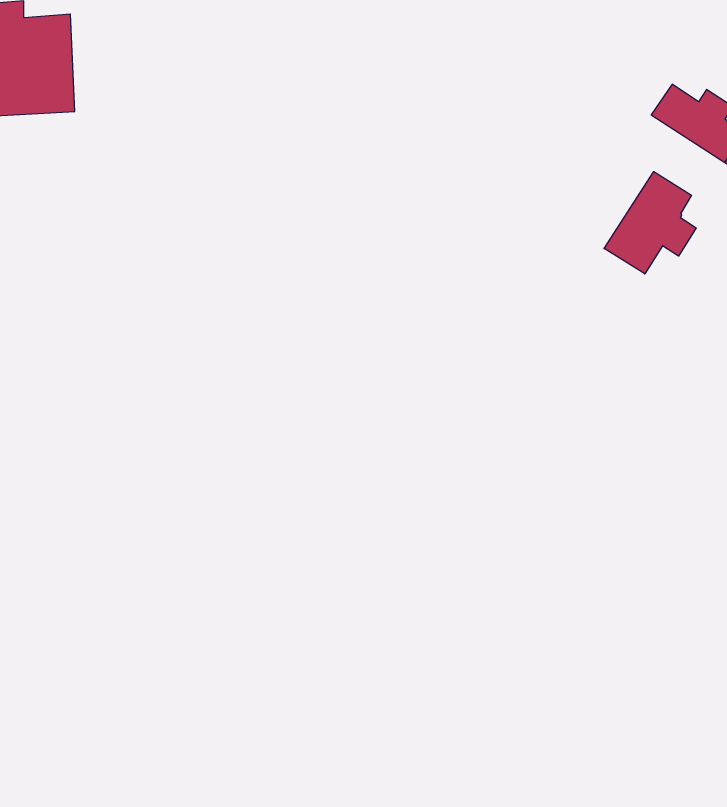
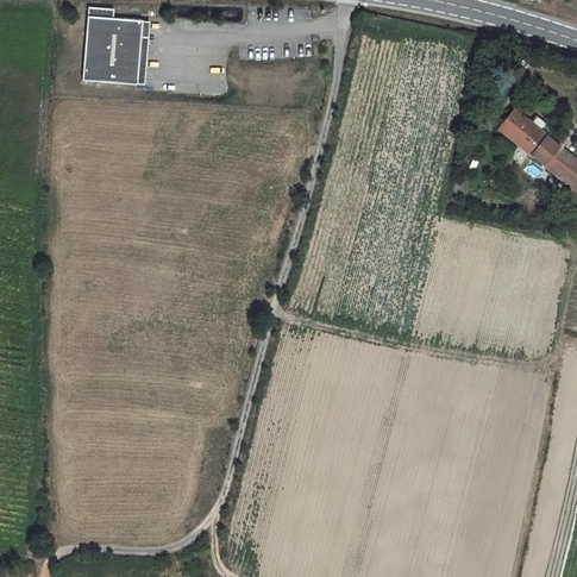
building: [604,172,696,274] -> none

